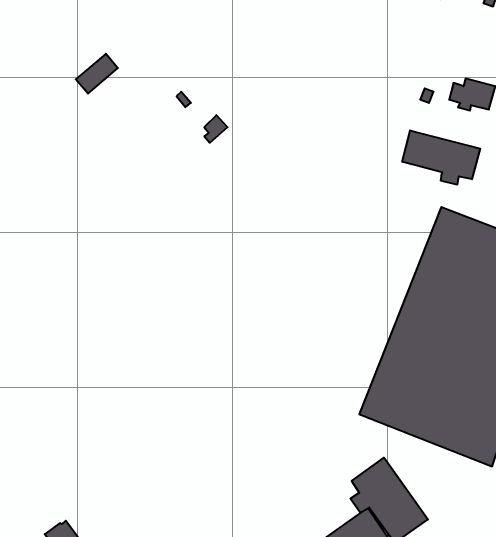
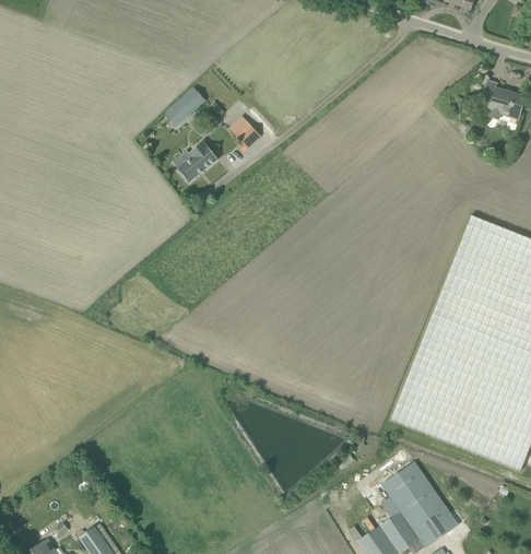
building: [76,54,118,94] -> [164,87,205,127]
building: [402,130,480,185] -> none
building: none -> [177,141,217,182]

